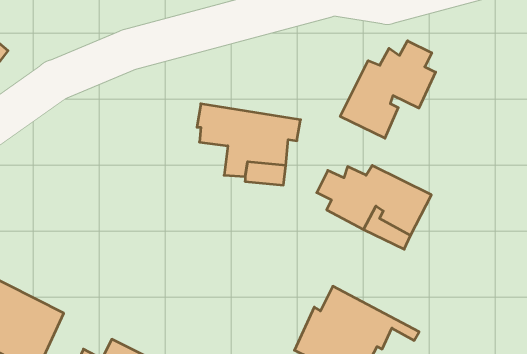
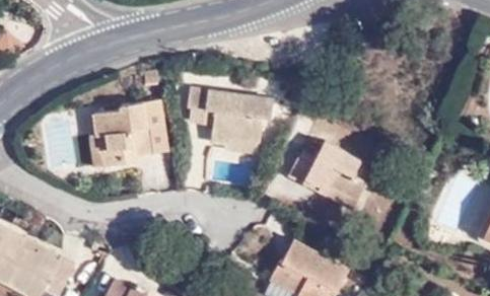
building: [340,41,436,138] -> none
building: none -> [83,103,160,169]

